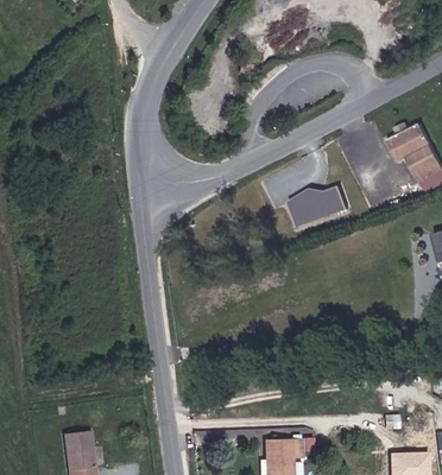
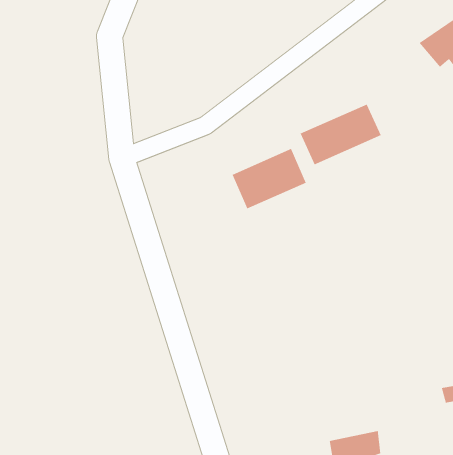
building: none -> [232,148,307,210]

